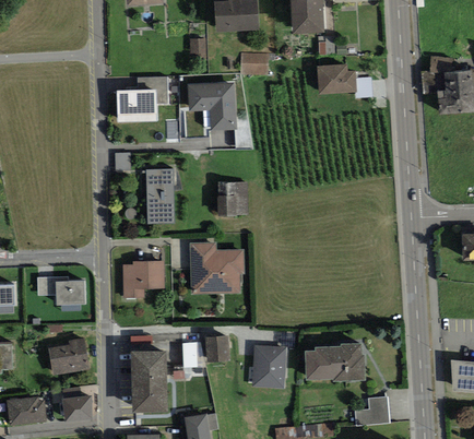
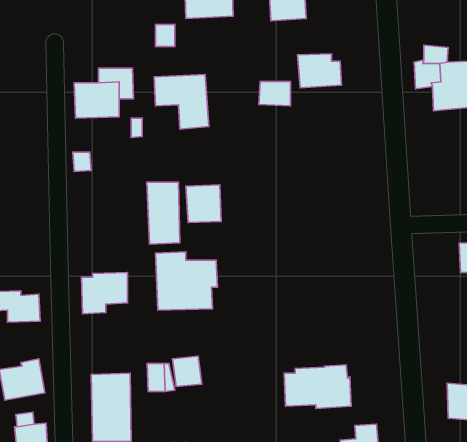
building: [240,52,269,74] -> [259,82,291,106]
building: [145,168,175,224] -> [147,182,180,244]
building: [251,344,287,389] -> none

